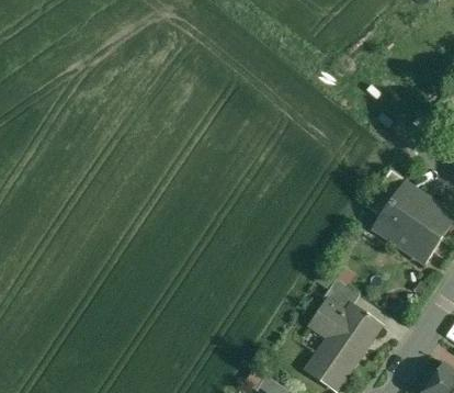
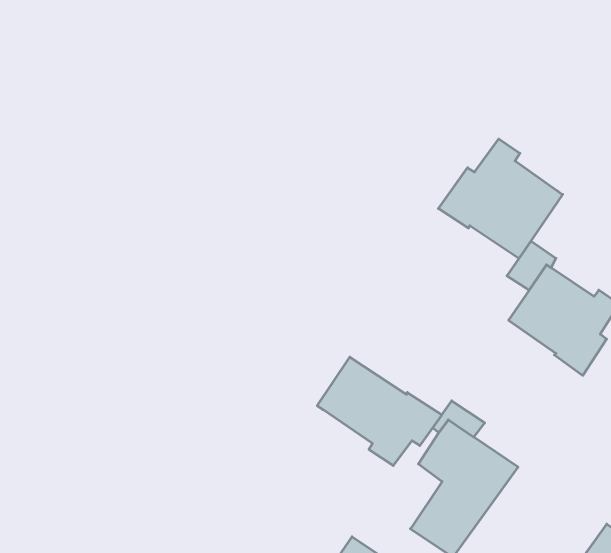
building: none -> [438,139,563,258]
building: none -> [317,357,442,466]

